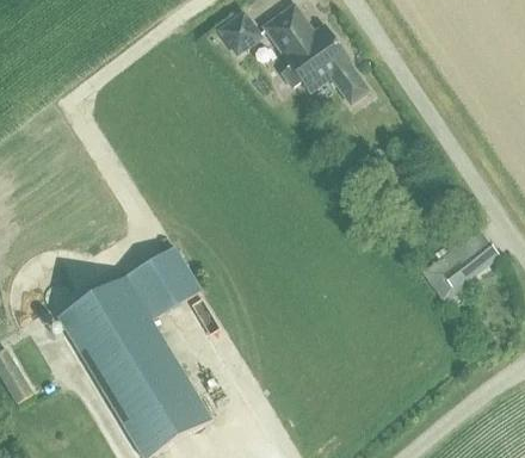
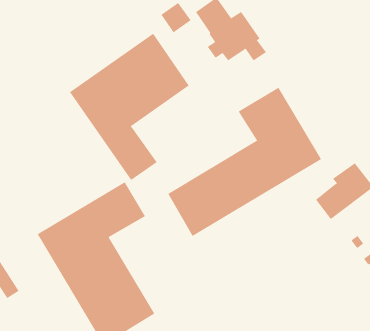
building: none -> [69,33,189,181]
building: none -> [168,87,322,237]

